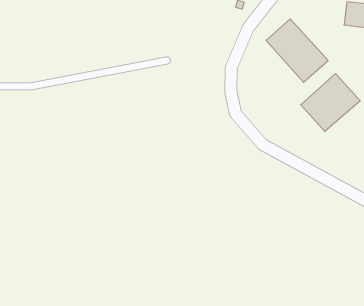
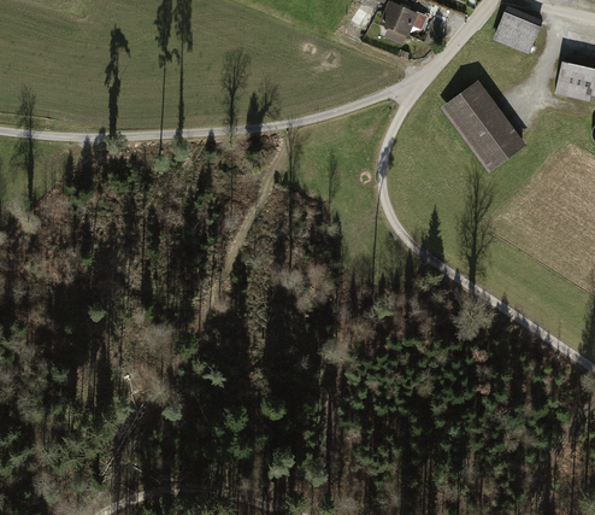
building: [301,74,360,132] -> none

